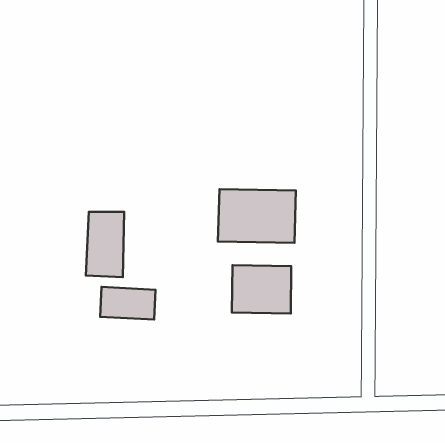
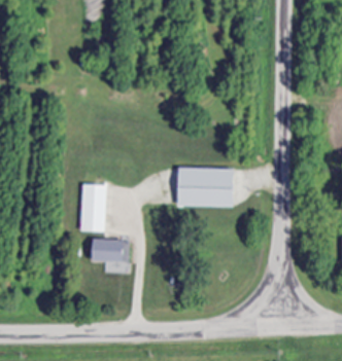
building: [232,265,291,314] -> none

